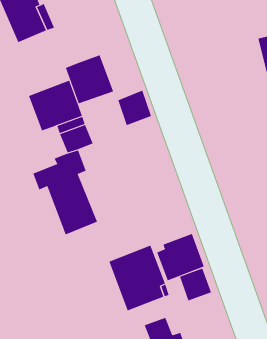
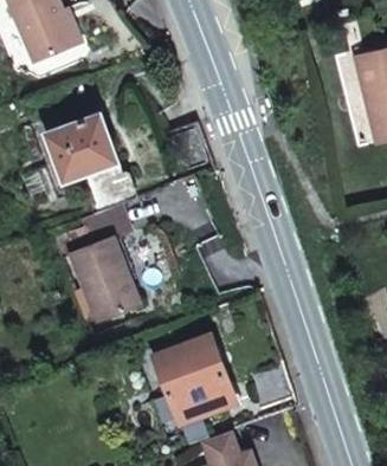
building: [65,55,114,104] -> none
building: [156,233,205,281] -> none

